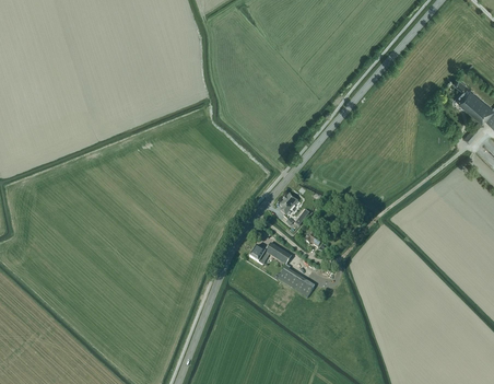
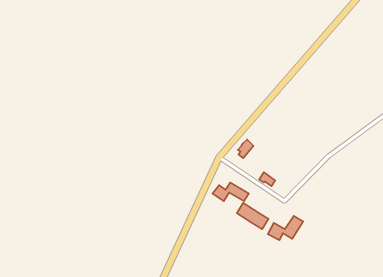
building: none -> [268,216,303,240]

